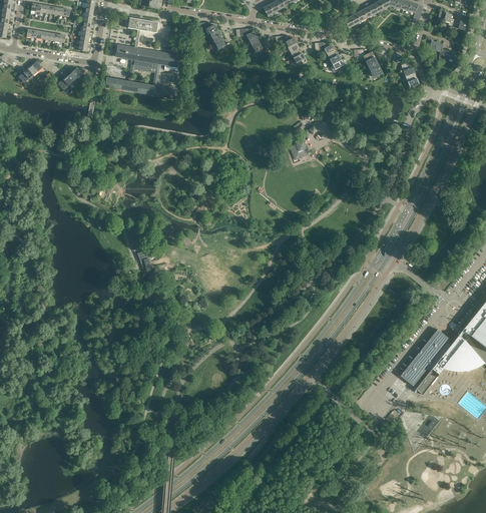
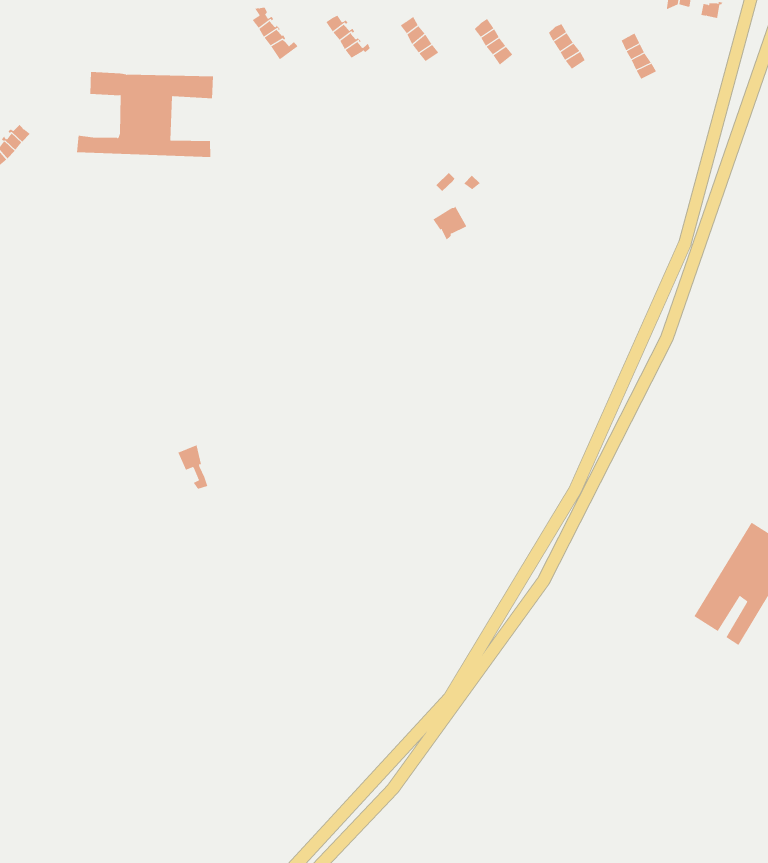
building: [127,17,158,48] -> none

